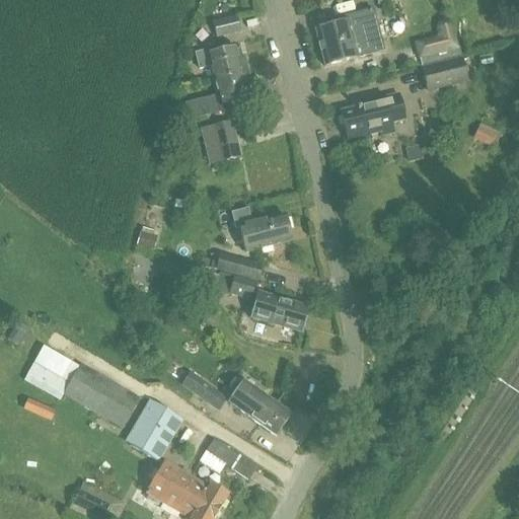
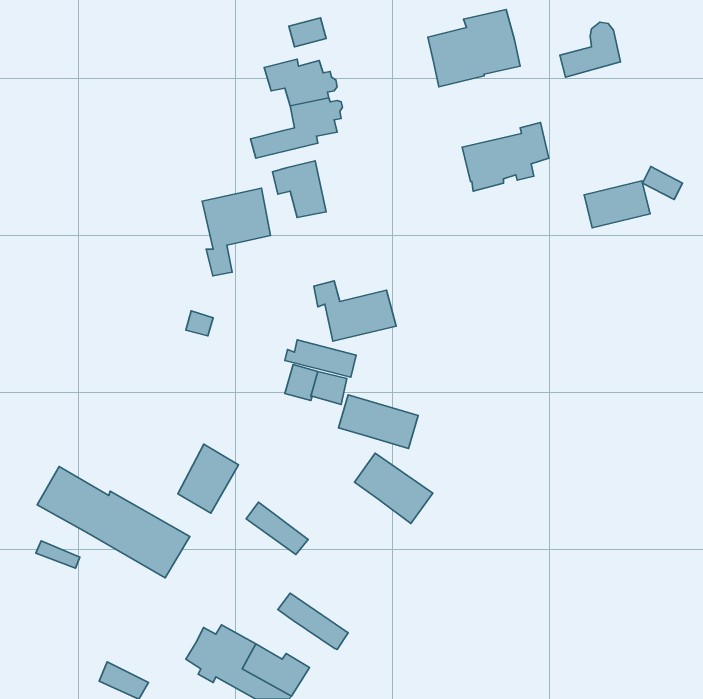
building: [421,55,469,89] -> [584,181,650,228]
building: none -> [202,188,271,276]
building: [233,382,291,434] -> [354,453,433,523]
building: [135,406,179,457] -> [178,444,238,513]

